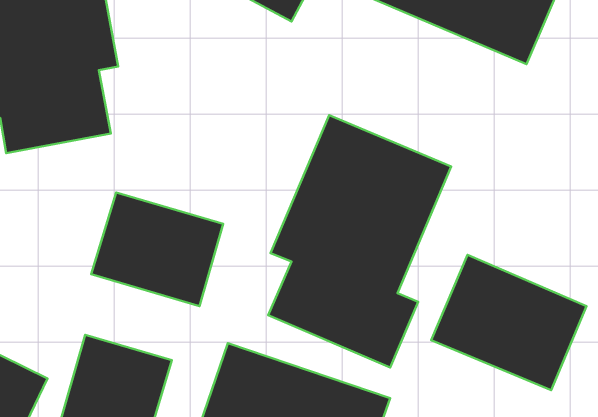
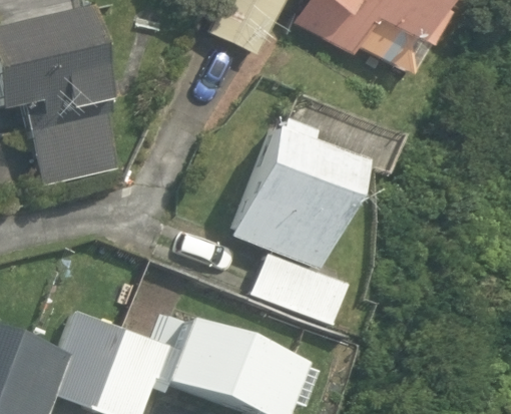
building: [91,193,223,306] -> none
building: [431,255,586,390] -> none

